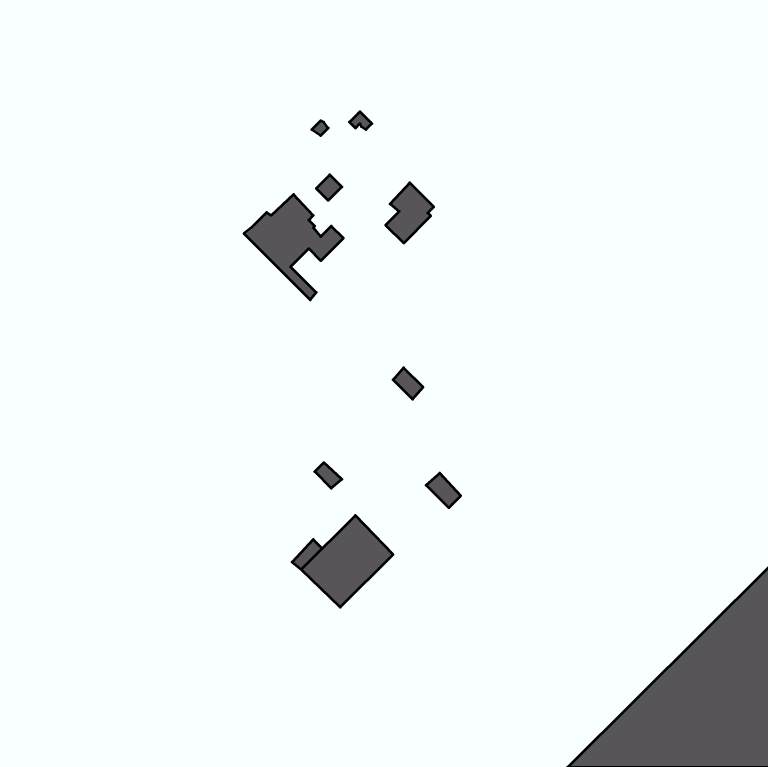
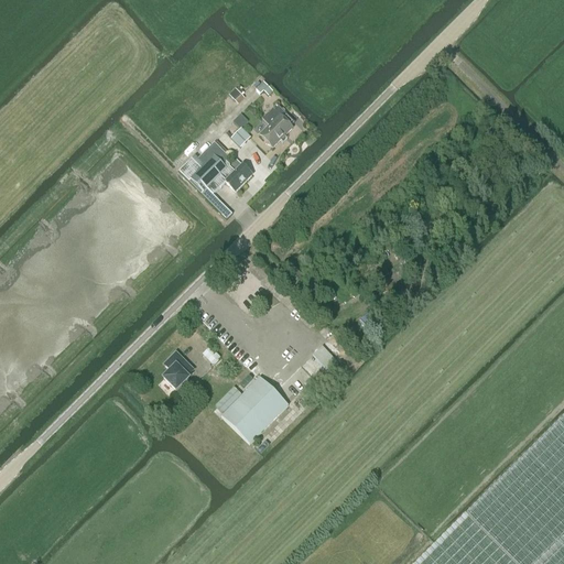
building: [386,183,434,243] -> [260,104,295,148]
building: none -> [164,352,194,390]

